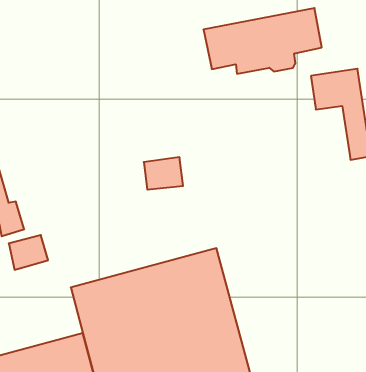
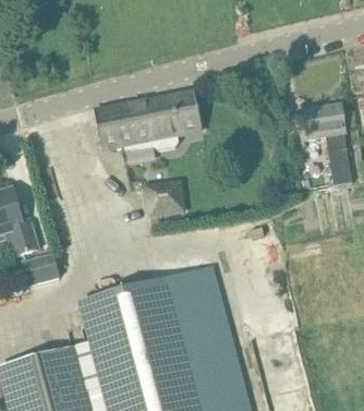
building: [203,8,322,74] -> [93,93,201,153]

